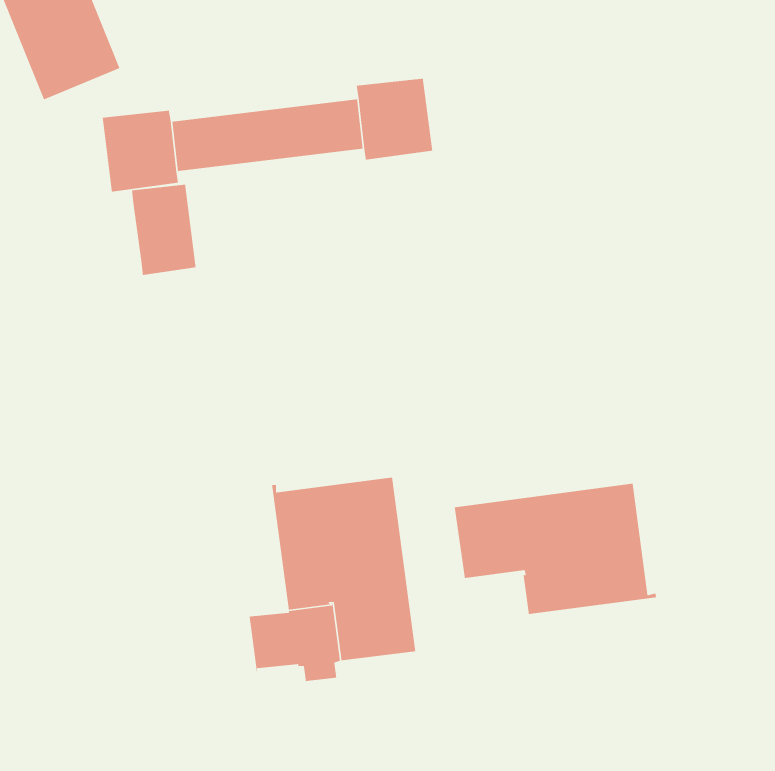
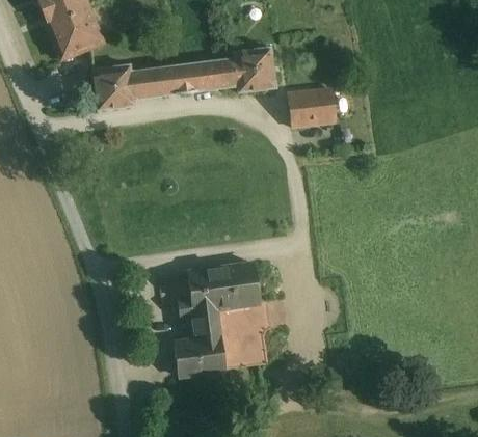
building: none -> [288,87,334,124]
building: [131,184,196,276] -> none
building: [454,482,657,615] -> none

